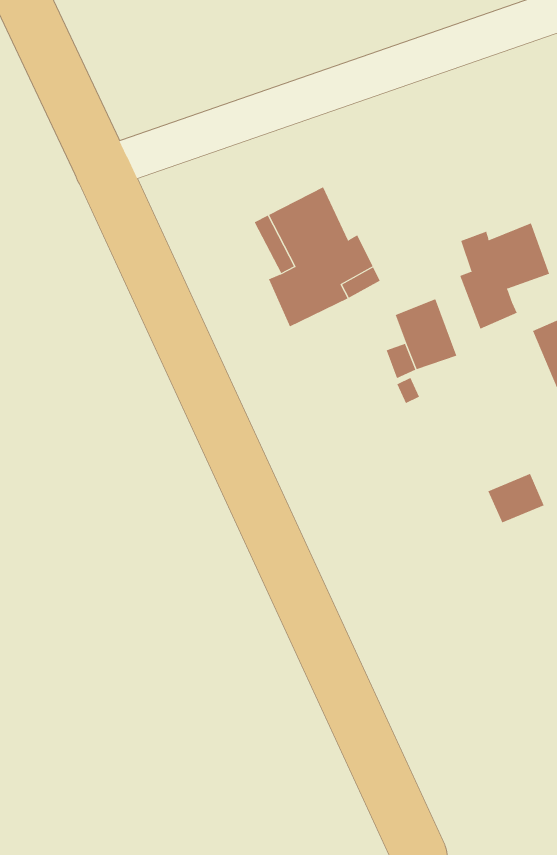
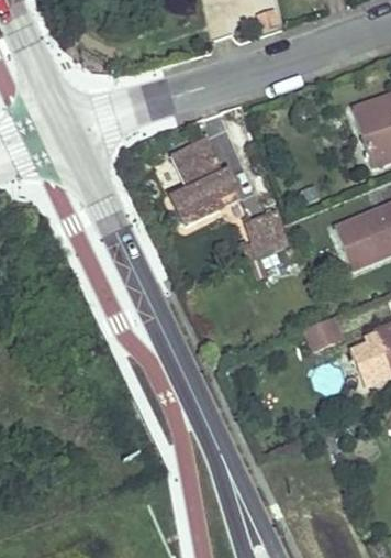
building: [459,222,550,329] -> none

